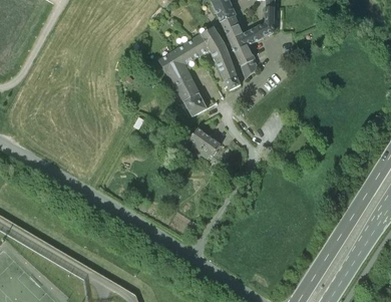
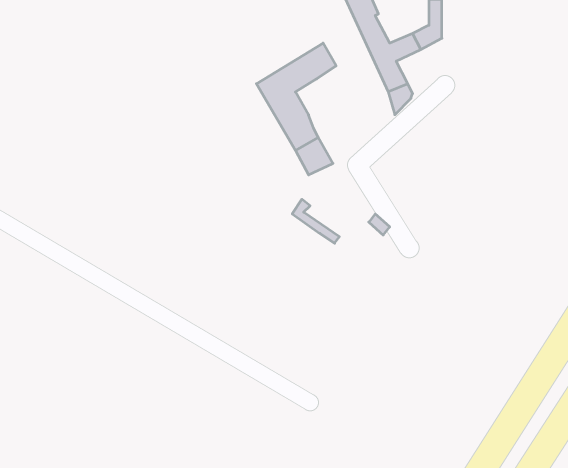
building: [202,26,241,89] -> none
building: [189,127,222,156] -> none

